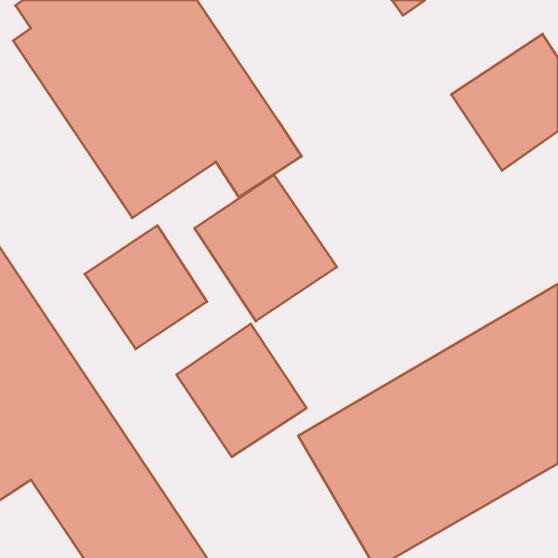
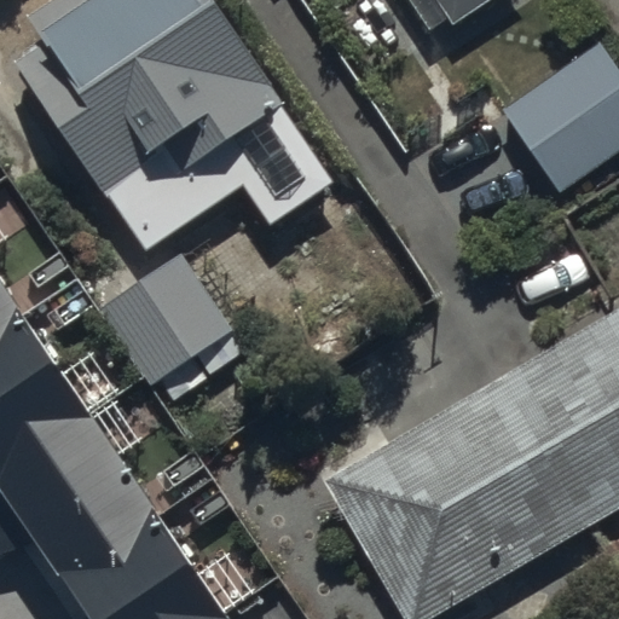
building: [195,175,337,321] -> none
building: [177,324,306,457] -> none

